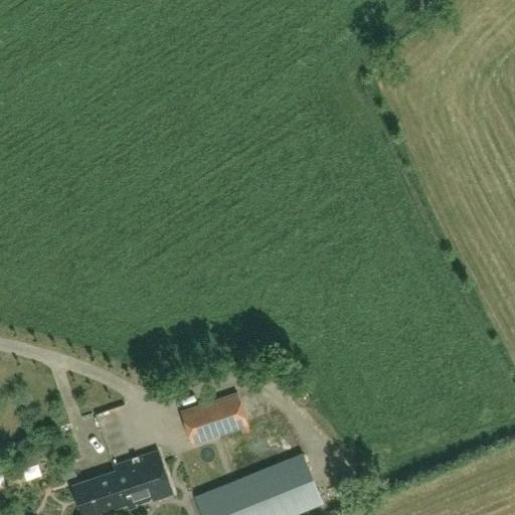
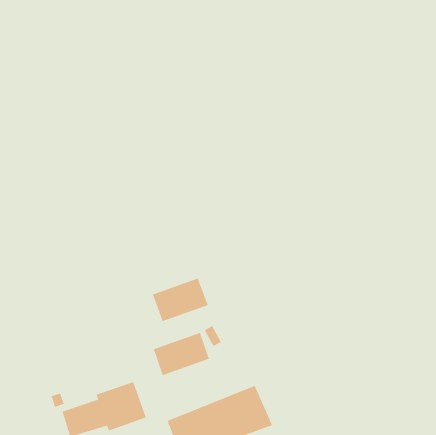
building: none -> [152,278,209,322]

